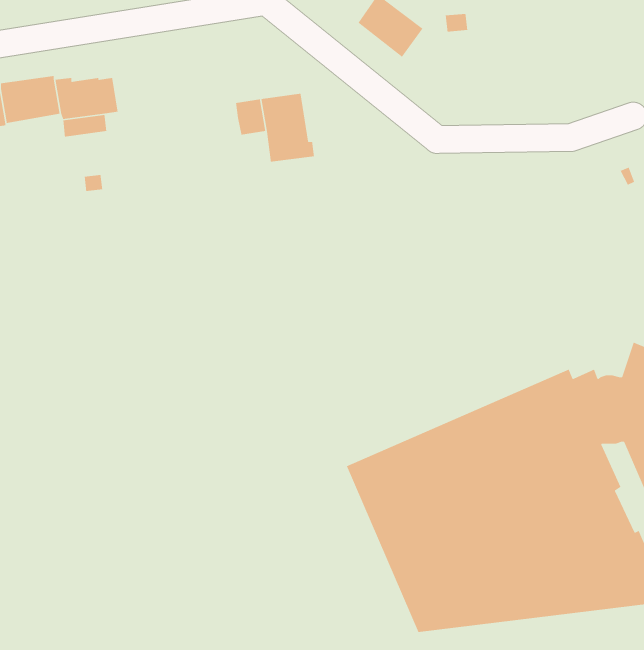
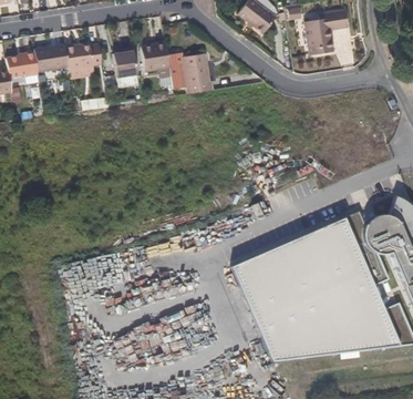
building: none -> [302,10,345,55]
building: none -> [138,43,167,72]
building: none -> [111,53,135,78]

